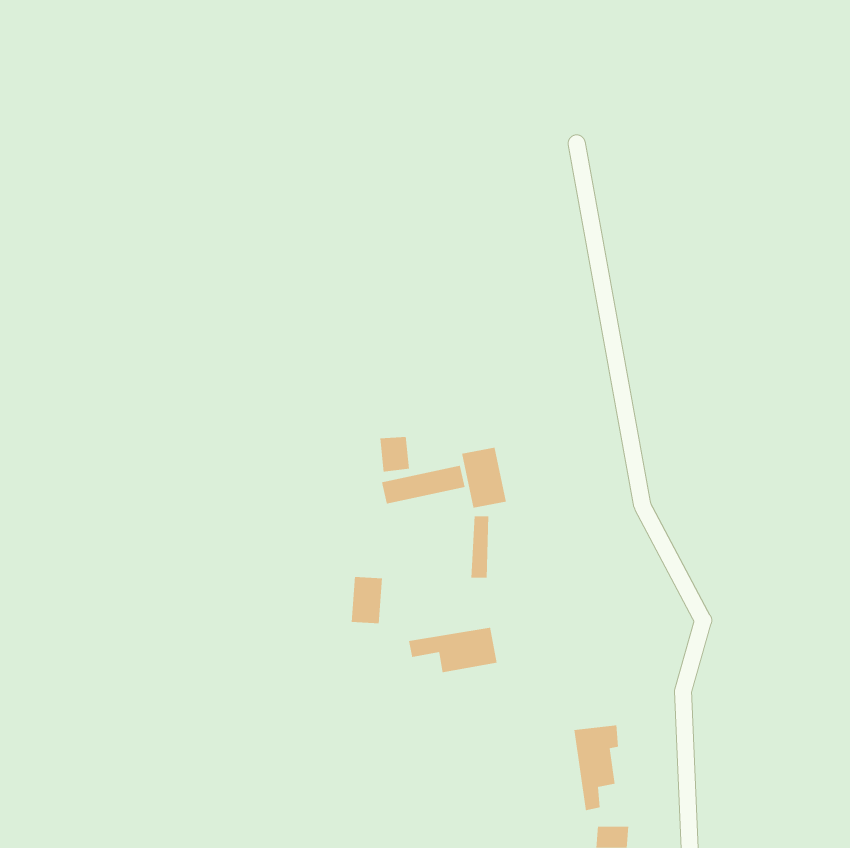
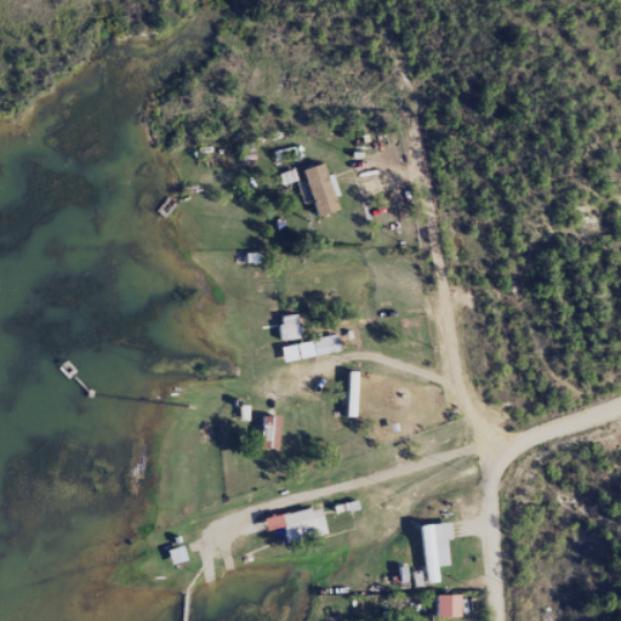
building: none -> [307,163,337,215]
building: [462,447,507,509] -> none
building: [408,627,497,673] -> [263,507,327,540]

